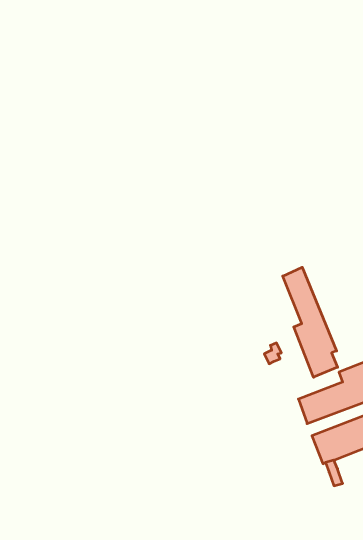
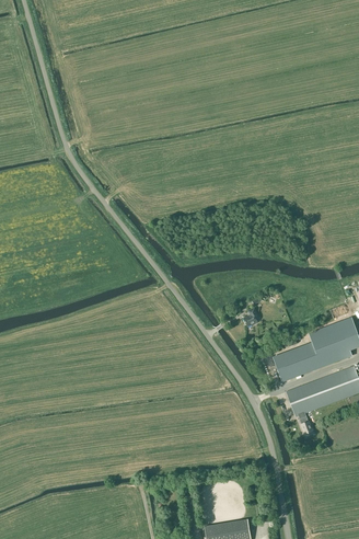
building: [283,267,338,377] -> none

